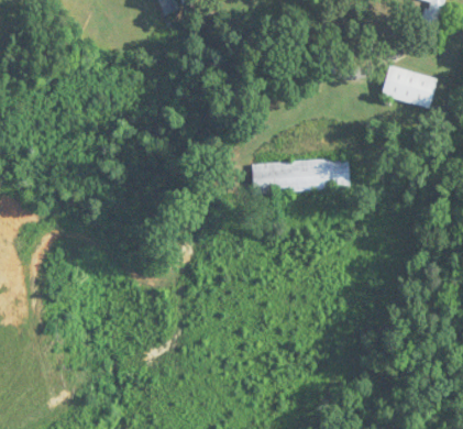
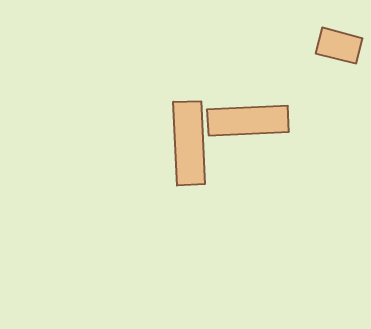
building: none -> [173,101,205,186]

